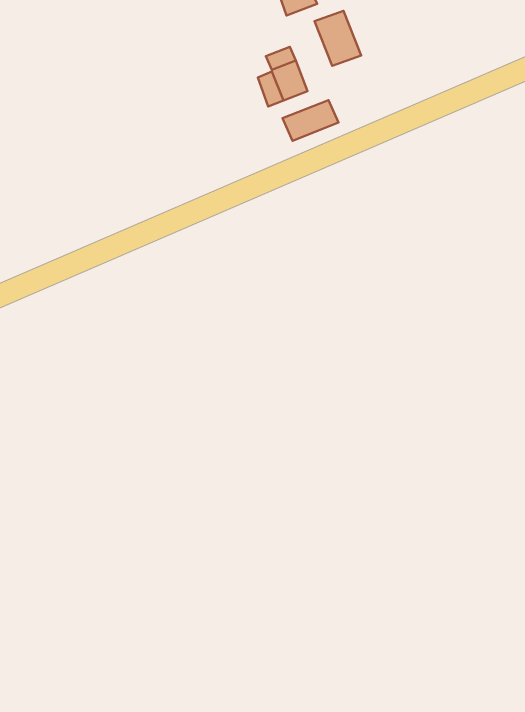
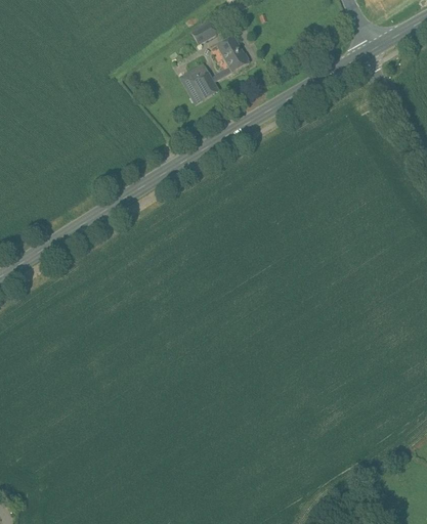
building: [283,100,338,141] -> none

